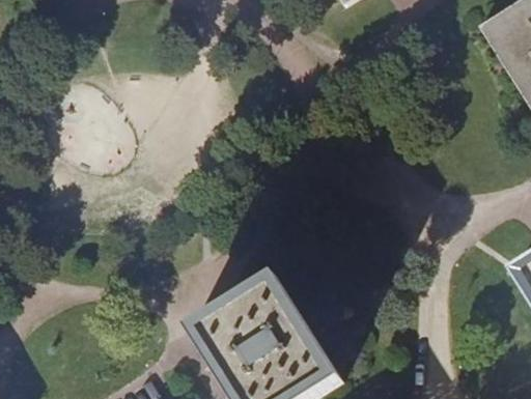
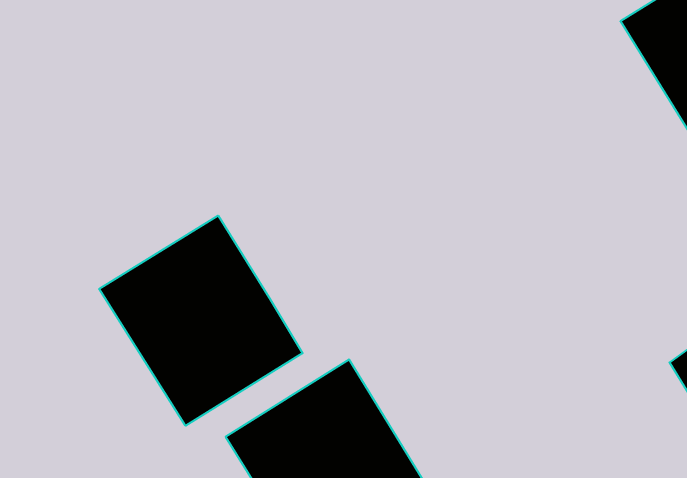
building: none -> [99,216,303,426]

